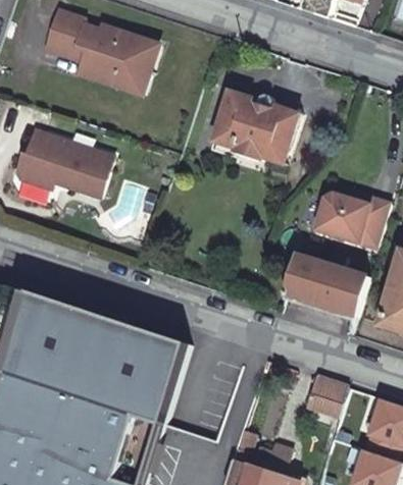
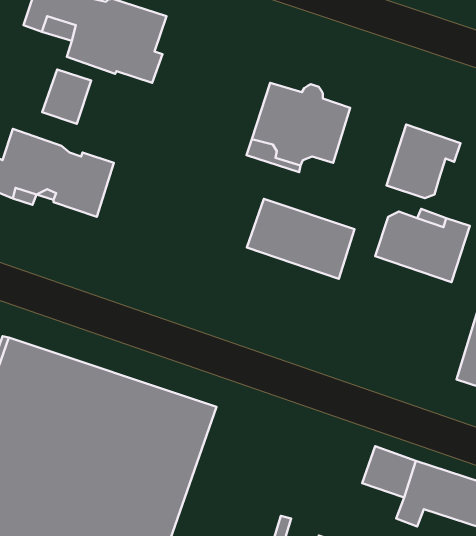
building: none -> [42,70,91,124]
building: none -> [387,125,460,198]
building: [284,255,367,317] -> [247,199,355,279]

